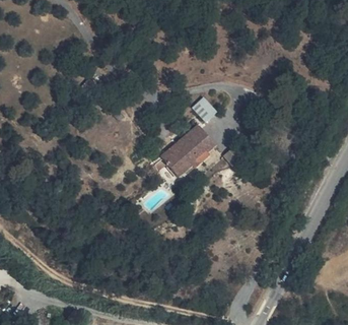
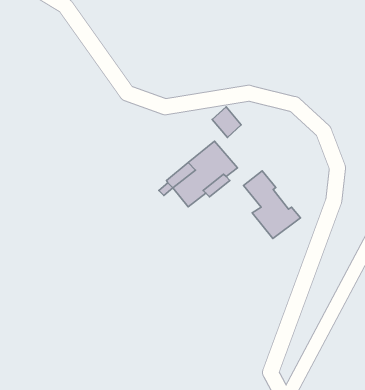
building: none -> [244,171,300,239]

